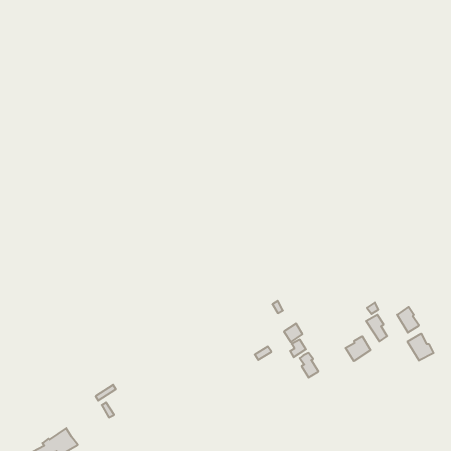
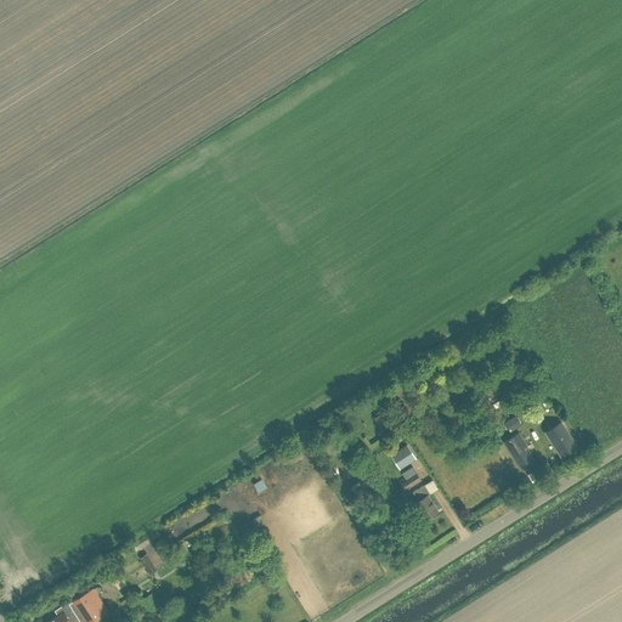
building: [408,334,434,361] -> none
building: [345,336,370,361] -> none

